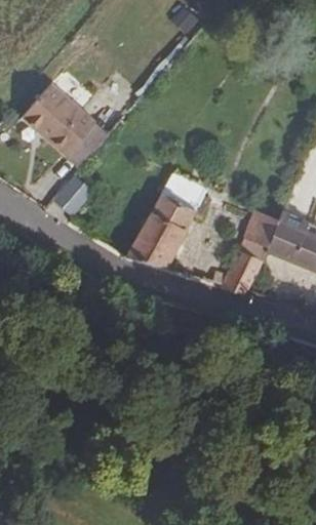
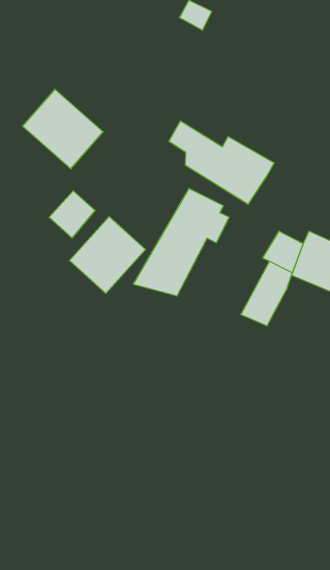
building: none -> [169,121,274,204]
building: none -> [69,216,146,294]

